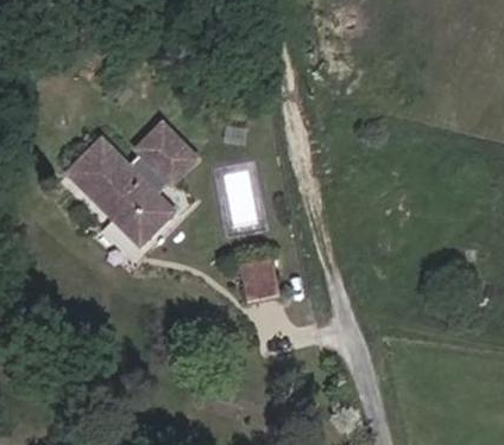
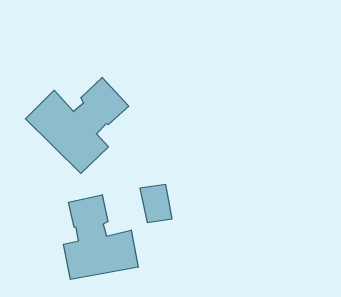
building: none -> [63,195,138,279]

